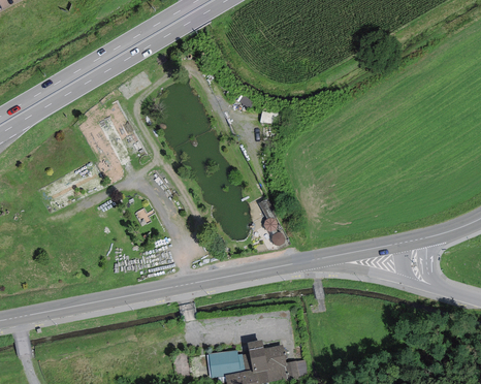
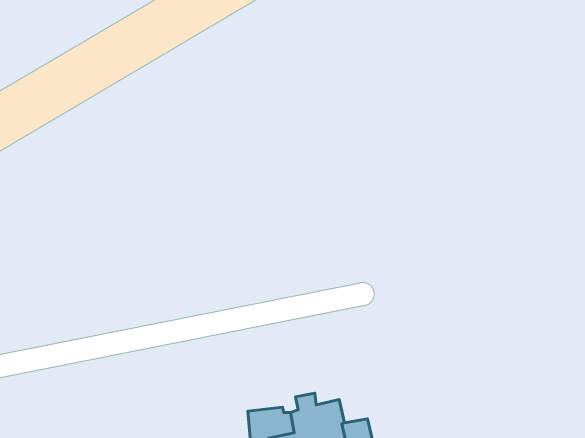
building: [257,195,284,244] -> none

